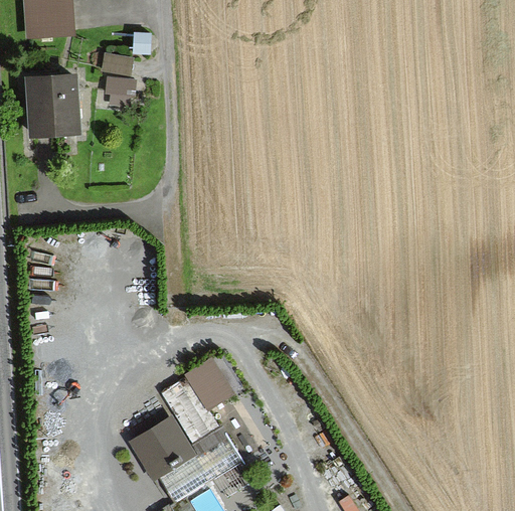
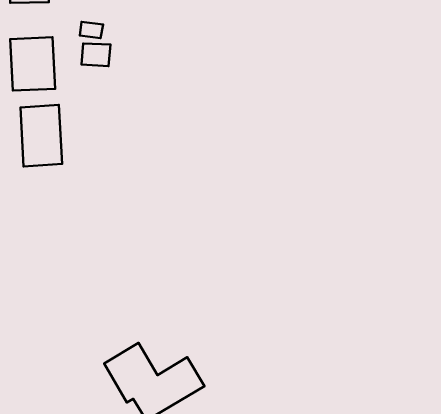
building: none -> [20,105,62,167]
building: [165,369,220,443] -> none

